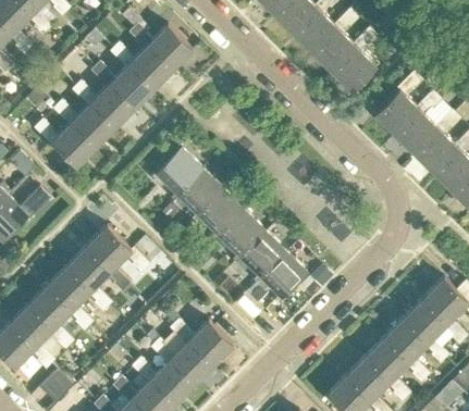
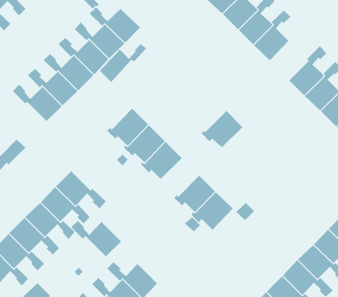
building: none -> [99,43,147,83]
building: [212,211,264,258] -> [201,110,243,148]
building: [170,320,233,365] -> [71,220,122,257]

